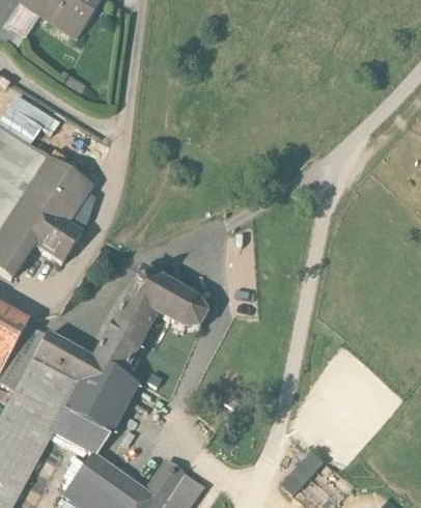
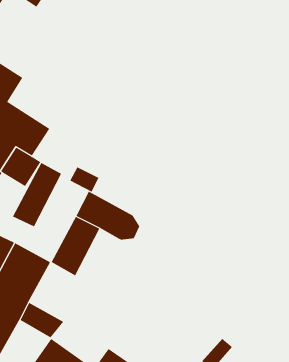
building: none -> [12,162,62,227]
building: none -> [70,167,99,193]
building: [65,357,139,432] -> none

